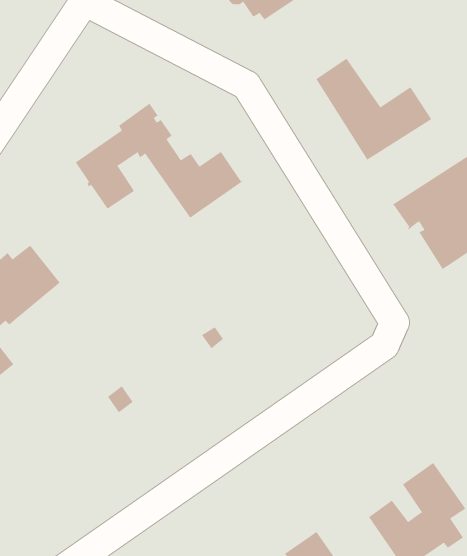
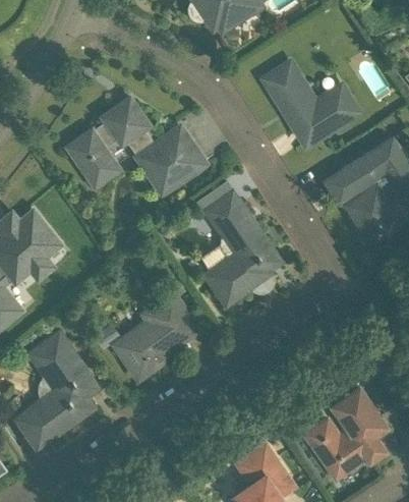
building: none -> [207,193,272,302]
building: none -> [117,296,195,376]
building: none -> [17,334,93,446]

